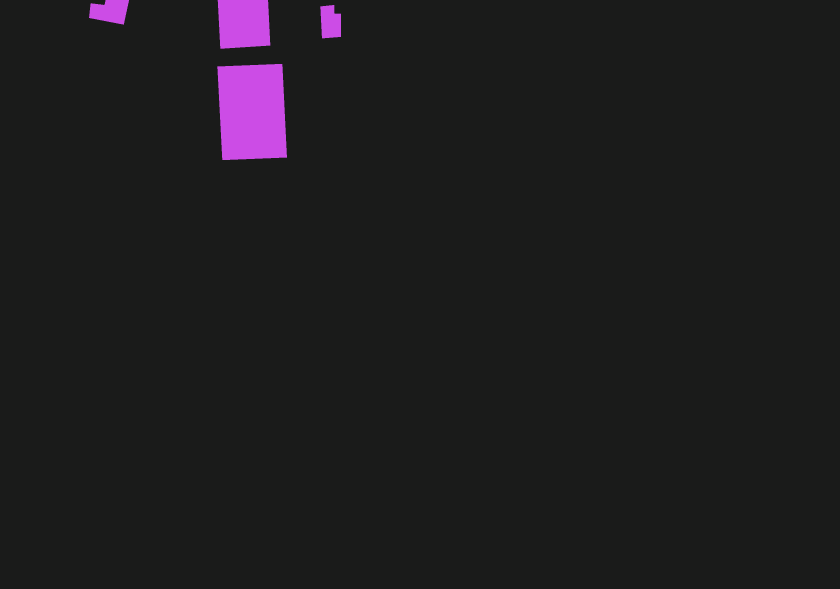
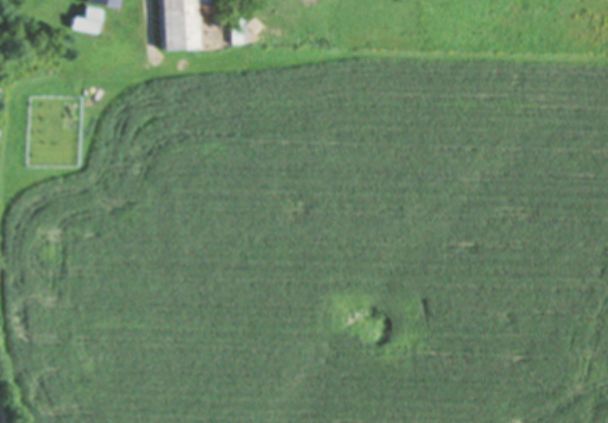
building: [217,63,288,161] -> none

